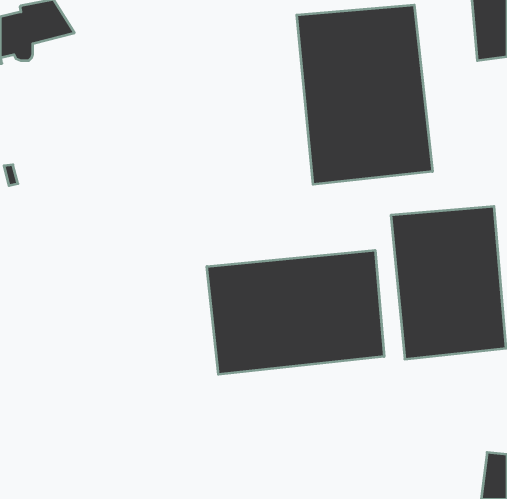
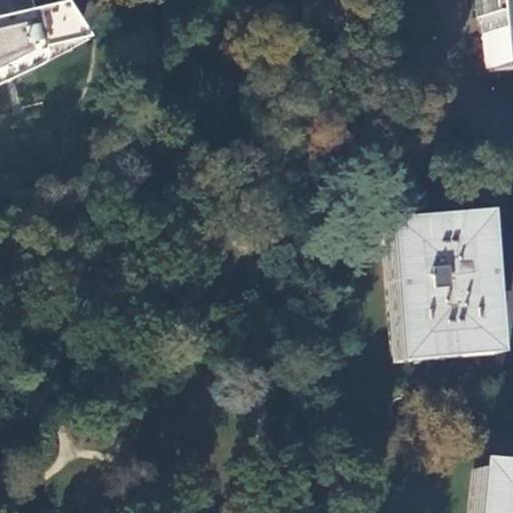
building: [297,5,432,184] -> none
building: [207,250,384,374] -> none

